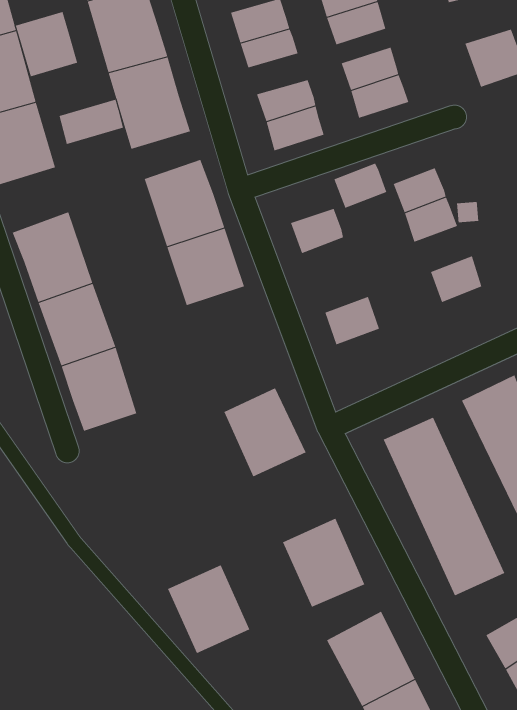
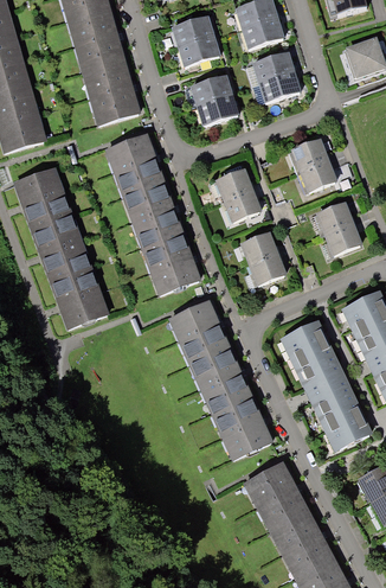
building: [15,11,78,77] -> none
building: [59,99,123,145] -> none
building: [333,163,387,208] -> [223,188,262,222]
building: none -> [139,224,200,293]
building: none -> [324,224,362,256]
building: none -> [247,255,288,288]
building: [167,564,250,654] -> [187,345,247,410]

